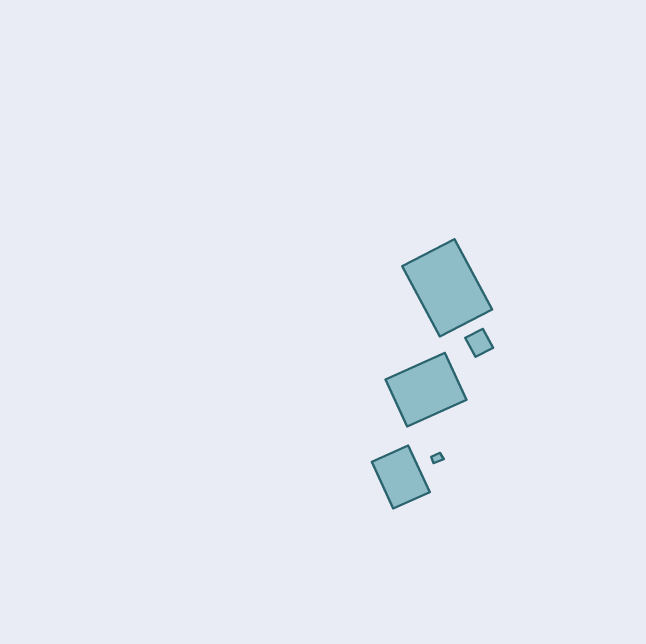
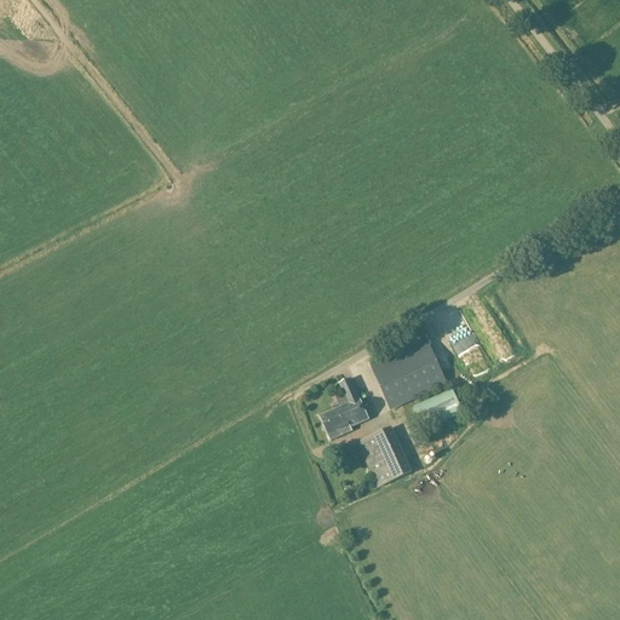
building: [402,239,492,337] -> none
building: none -> [320,377,368,440]

